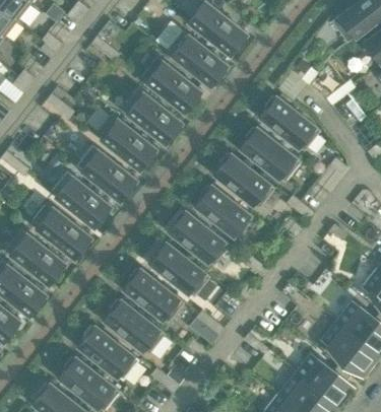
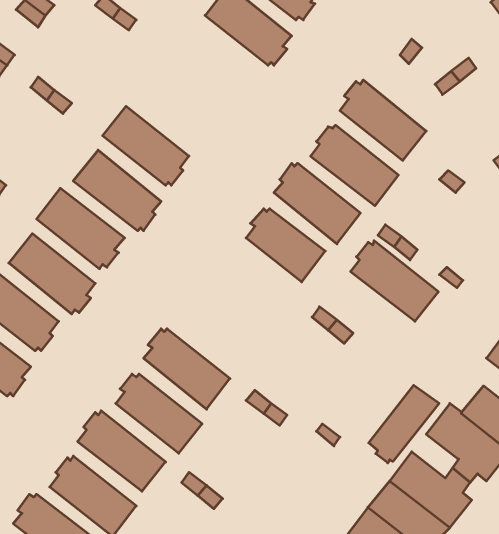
building: [140,55,201,111] -> none
building: [121,86,182,142] -> none
building: [169,209,230,265] -> [351,241,438,321]
building: [149,241,210,296] -> none
building: none -> [369,385,439,463]

